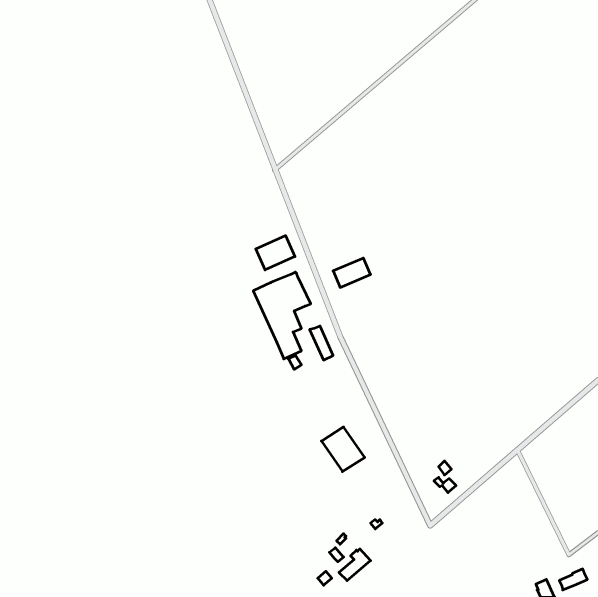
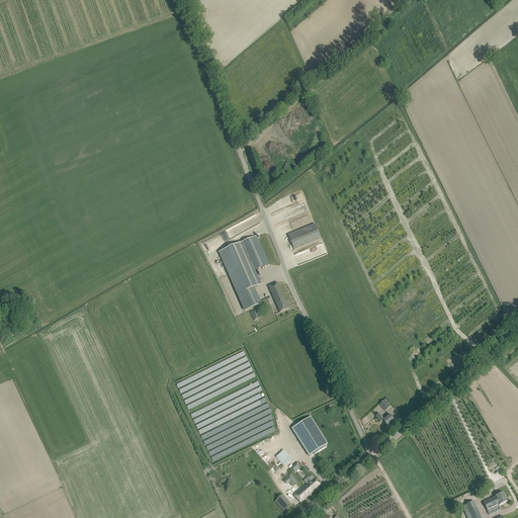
building: [256,236,295,270] -> none
building: [321,427,365,472] -> [289,415,327,453]

